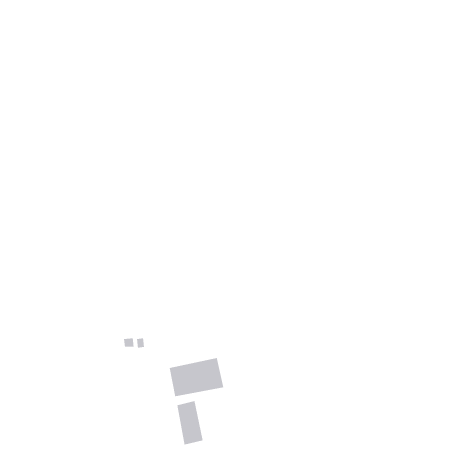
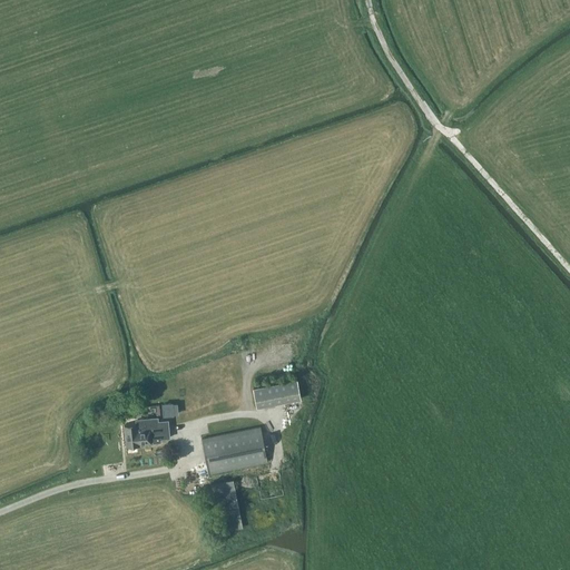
building: none -> [254,380,302,409]
building: none -> [125,420,161,448]

